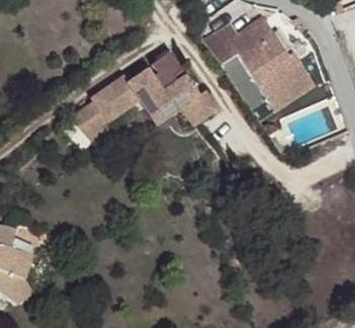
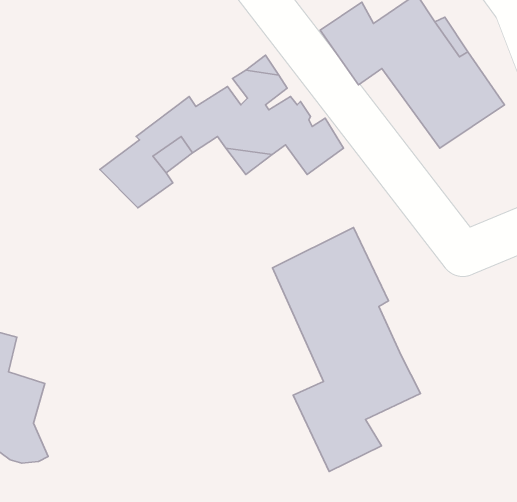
building: none -> [273,227,421,471]

